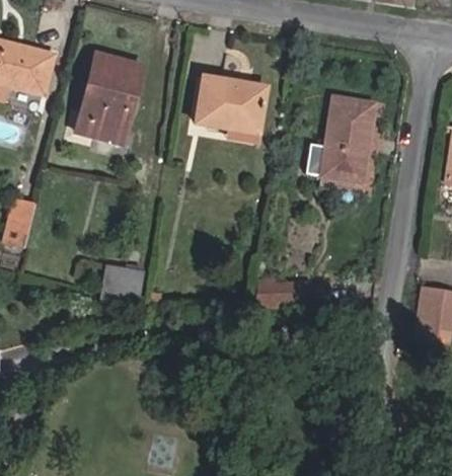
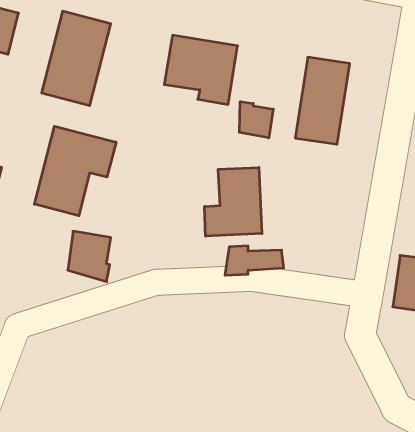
building: none -> [239,102,273,138]
building: none -> [34,126,116,216]
building: none -> [205,167,262,236]

